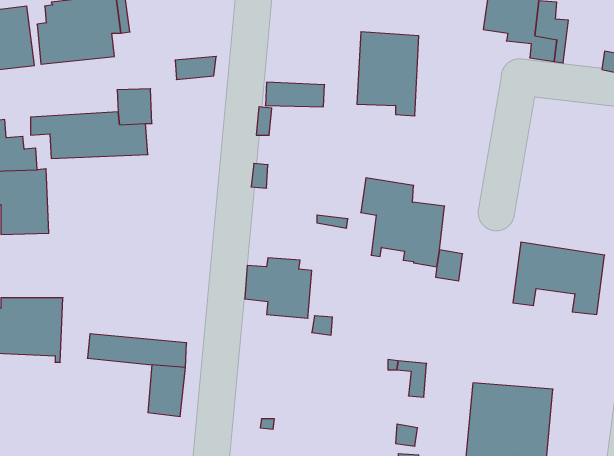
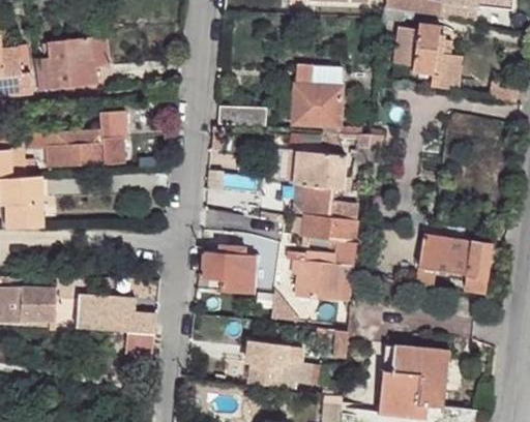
building: none -> [278,149,352,189]
building: none -> [293,251,355,298]
building: none -> [244,339,302,390]

